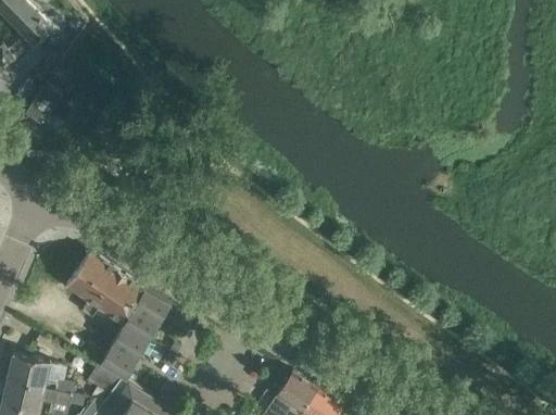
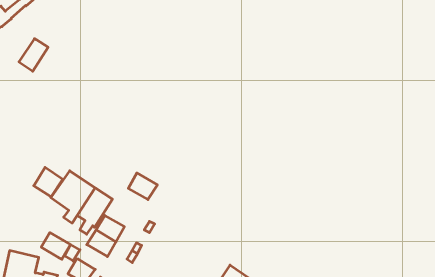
building: none -> [34,167,63,197]
building: [134,289,170,323] -> [128,173,157,200]
building: [100,345,137,379] -> [41,233,70,259]

